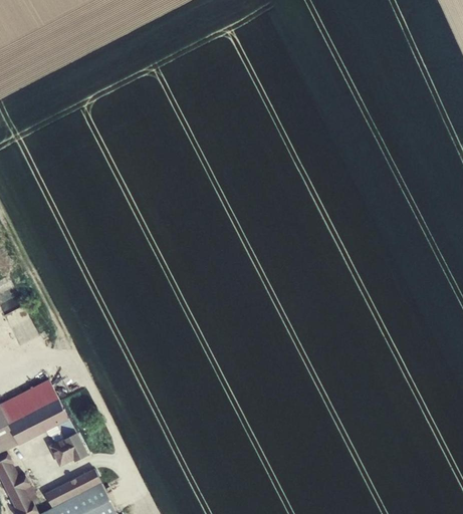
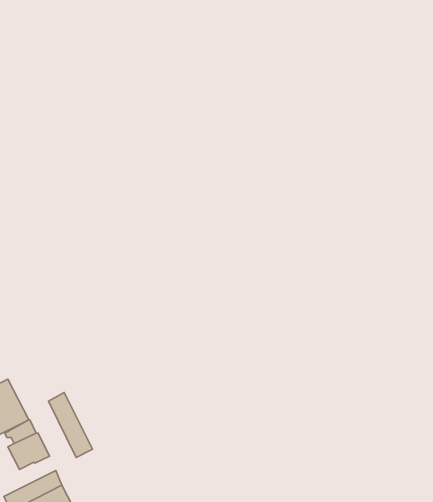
building: none -> [49,392,93,457]

